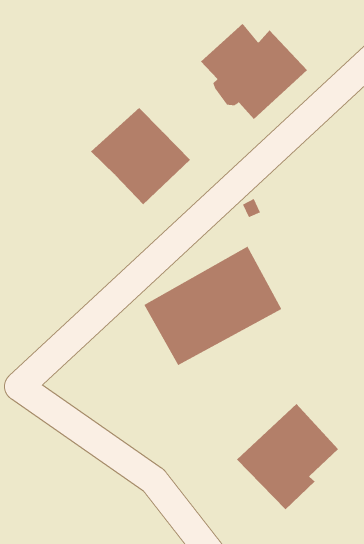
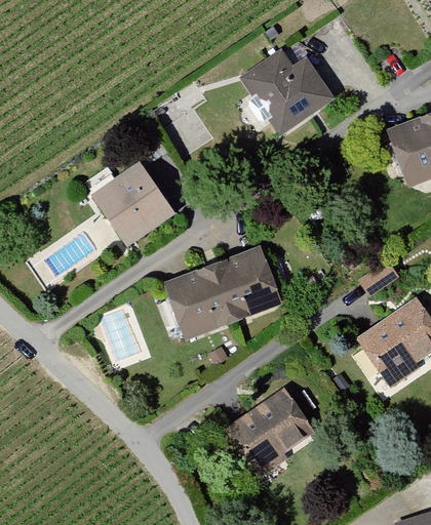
building: [90,107,191,205] -> [88,159,175,245]

